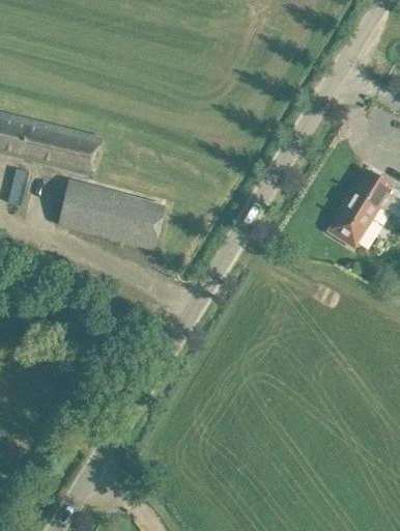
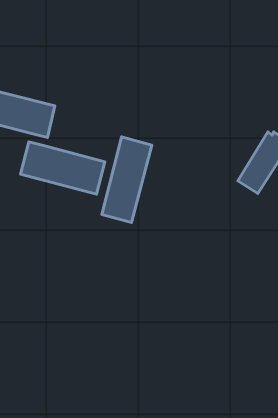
building: none -> [102,137,152,222]

